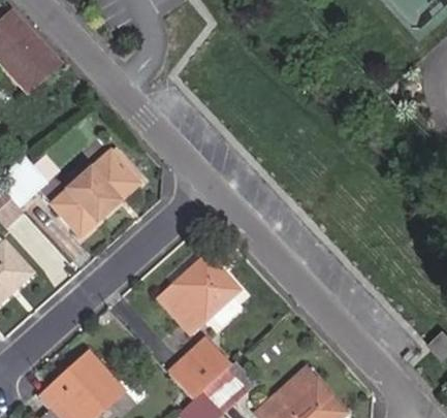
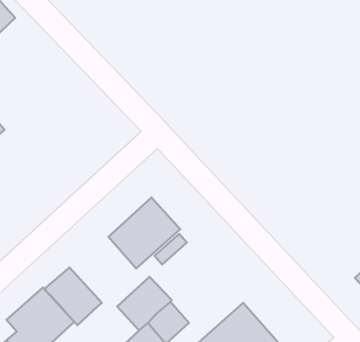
building: [54,153,138,234] -> none
building: none -> [45,267,102,325]

